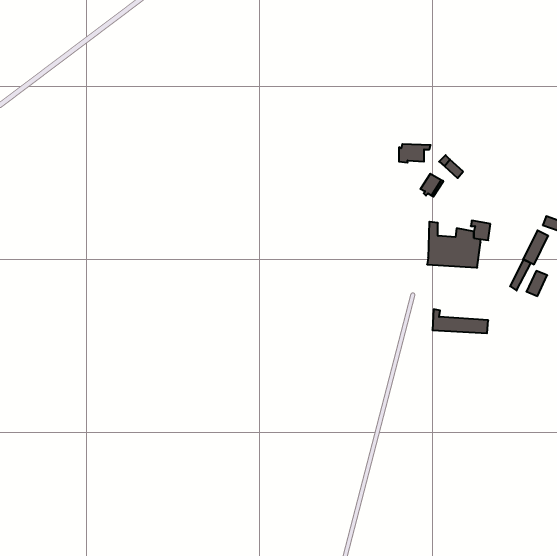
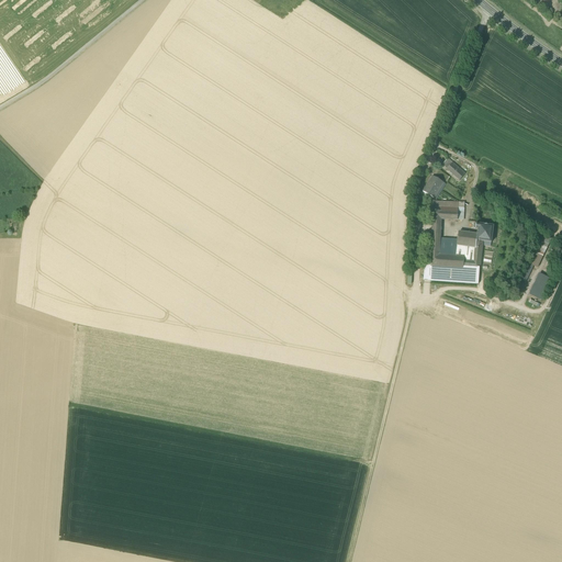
building: [399,144,431,163] -> [434,201,465,220]
building: [432,309,488,333] -> [424,258,480,282]

